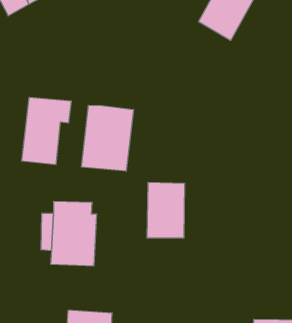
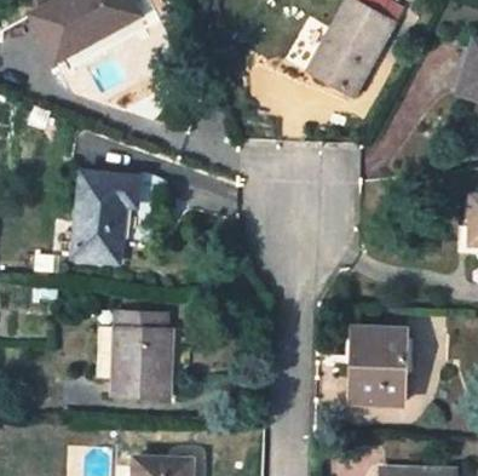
building: [82,105,133,171] -> none
building: [147,183,185,238] -> [352,327,403,401]

